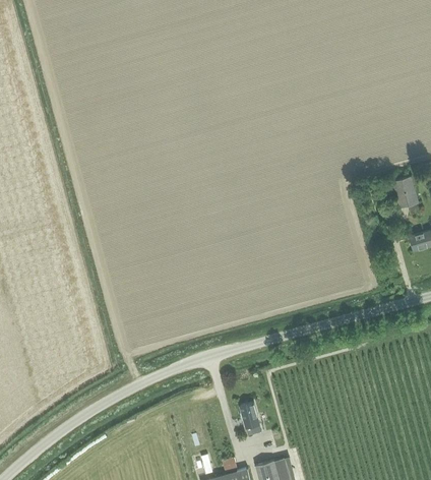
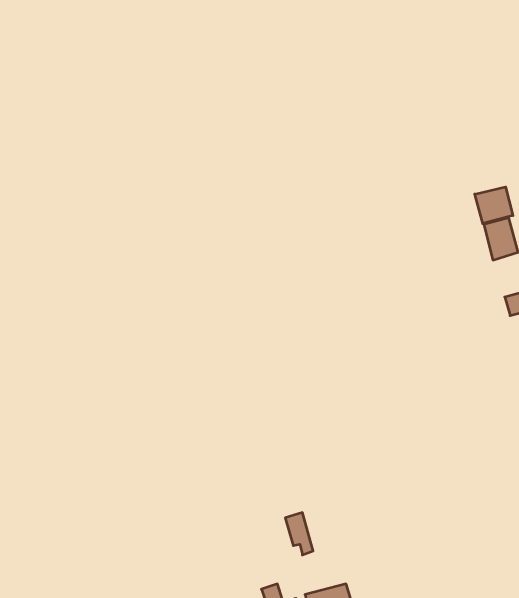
building: none -> [475,187,513,224]

